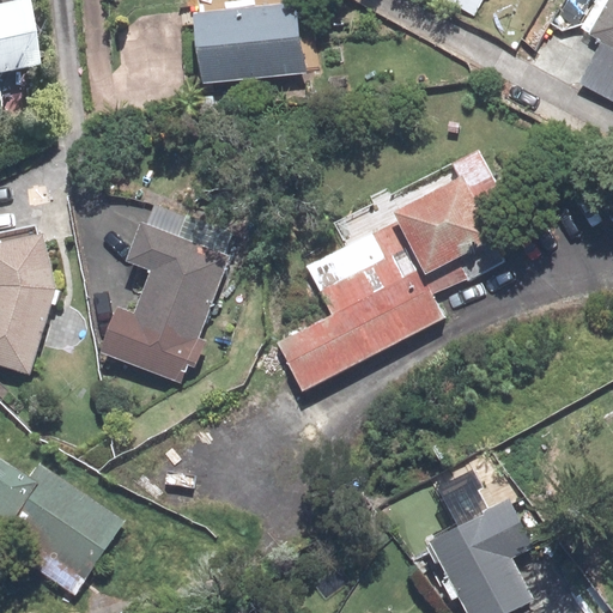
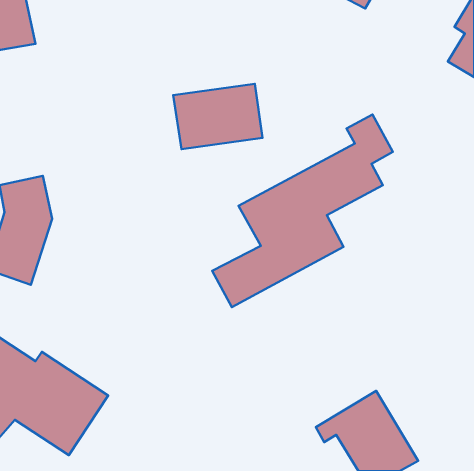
building: [186,6,301,90] -> [173,84,262,149]
building: [91,205,232,384] -> none

